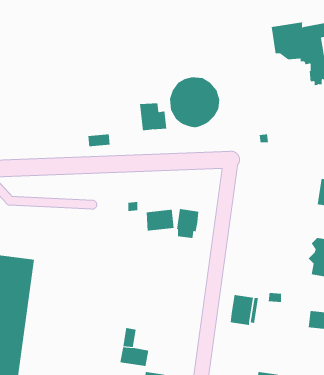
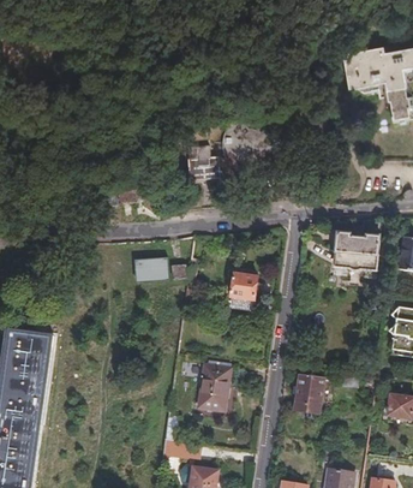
building: none -> [333,236,378,274]
building: [146,209,175,231] -> [132,257,167,284]
building: none -> [194,363,231,419]

